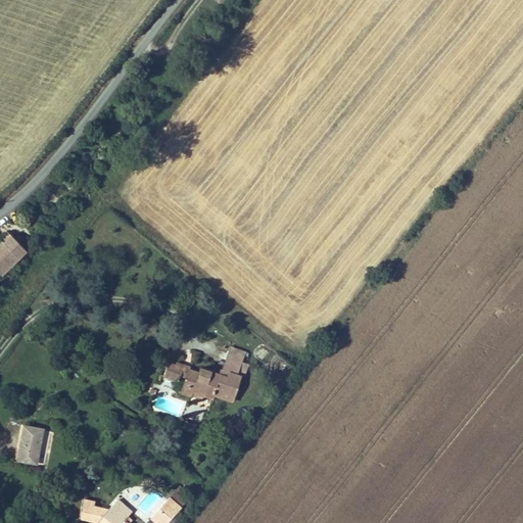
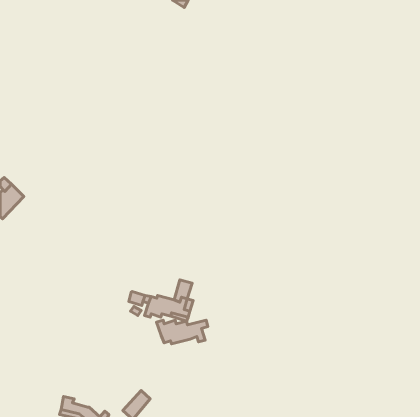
building: none -> [157,320,208,344]
building: [15,420,49,460] -> none

